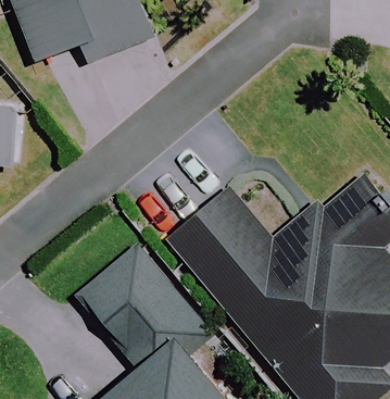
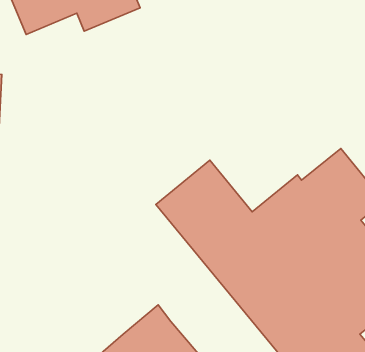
building: [77,250,209,370] -> none

